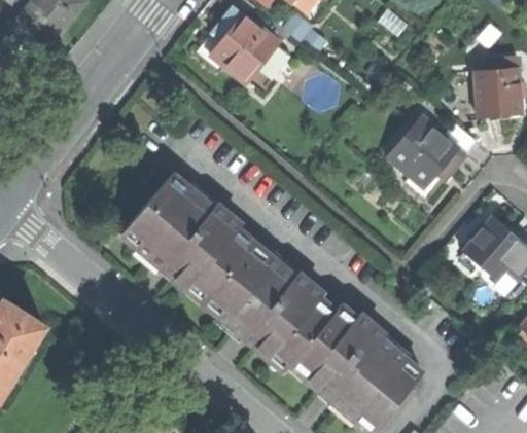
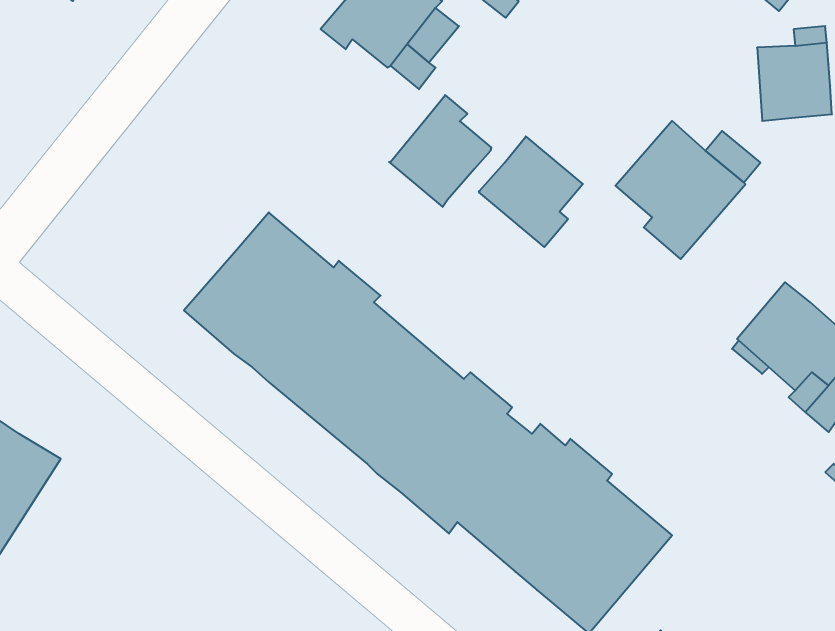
building: none -> [389,95,491,207]
building: none -> [479,136,583,247]

